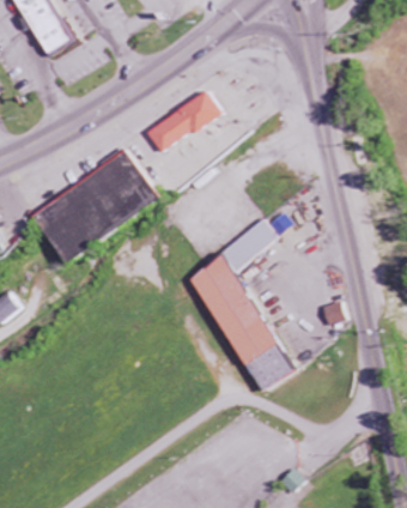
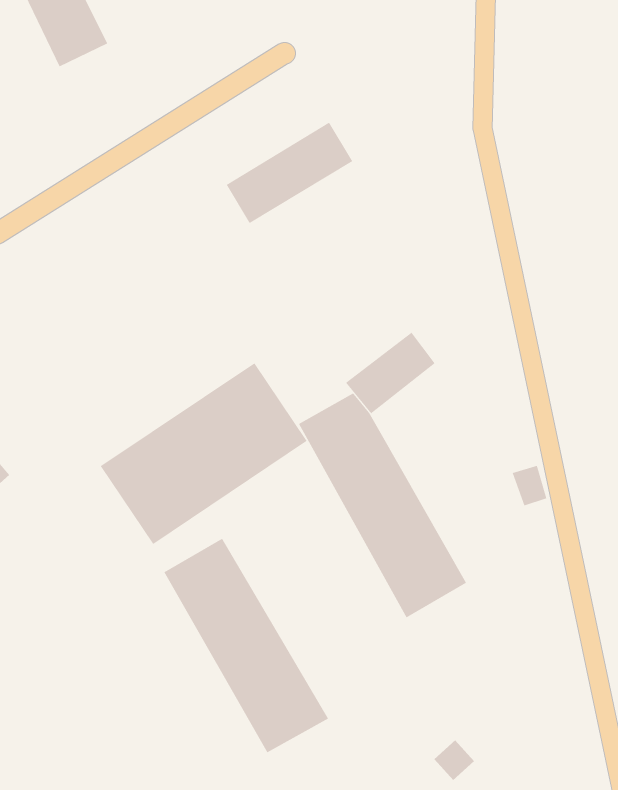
building: [30,150,157,261] -> [100,362,308,545]
building: none -> [164,538,329,753]

